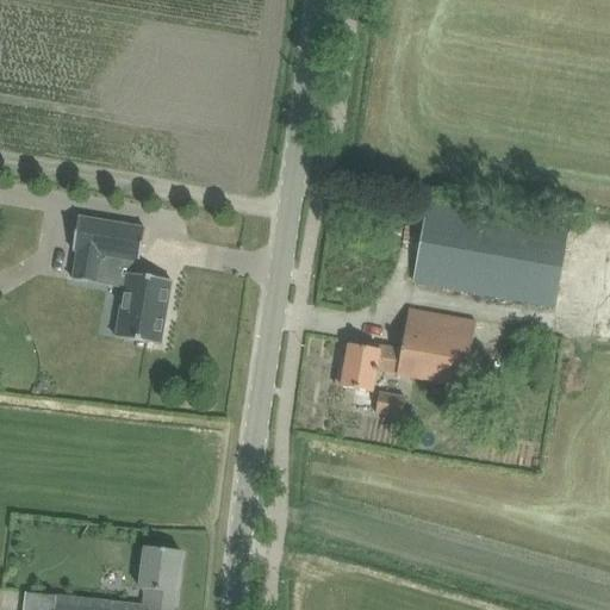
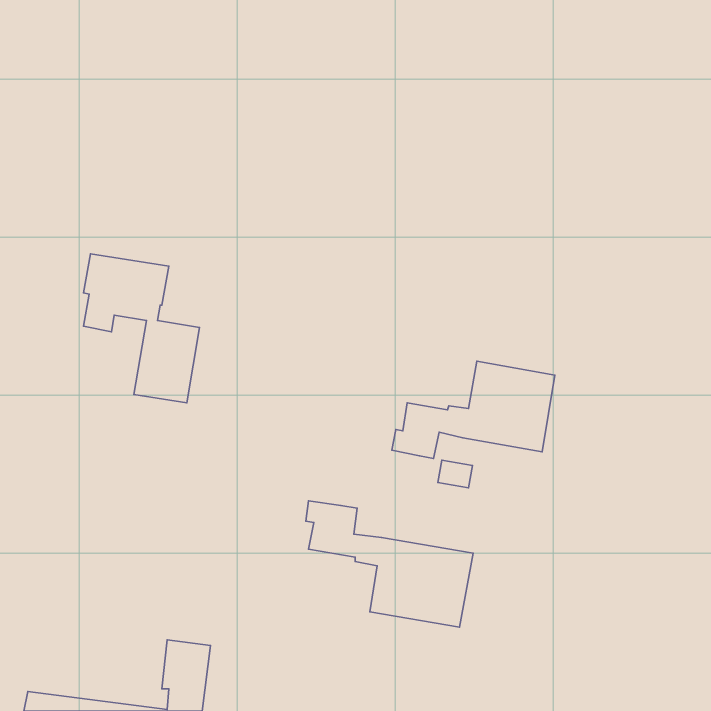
building: [412,205,567,306] -> none
building: none -> [306,501,473,627]

